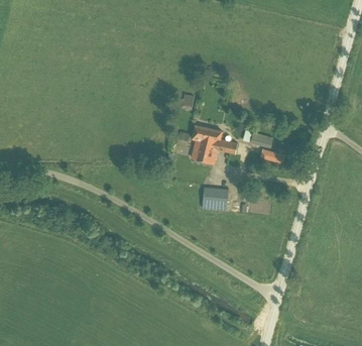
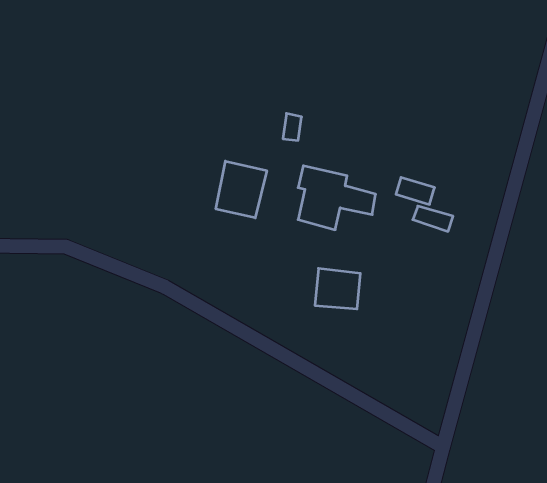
building: none -> [216,161,267,218]

